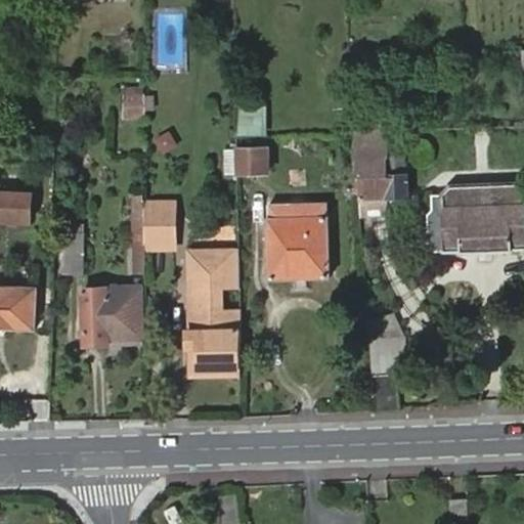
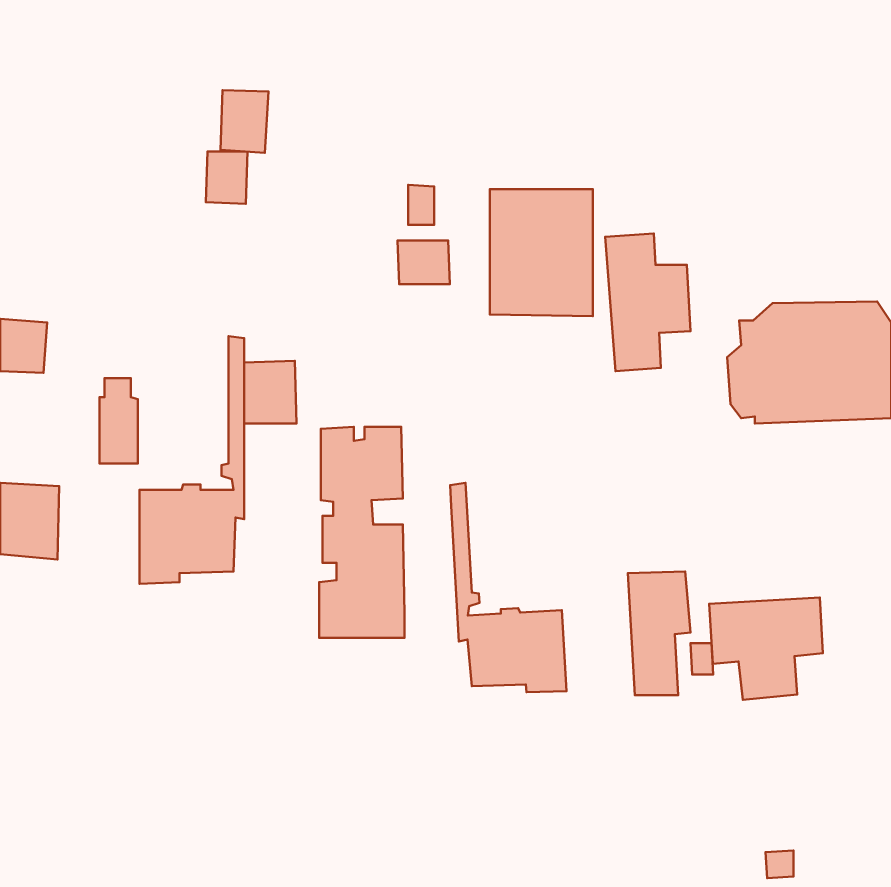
building: none -> [221,90,269,153]
building: [265,201,325,275] -> [490,189,593,316]
building: none -> [450,483,566,692]
building: none -> [709,597,823,700]

